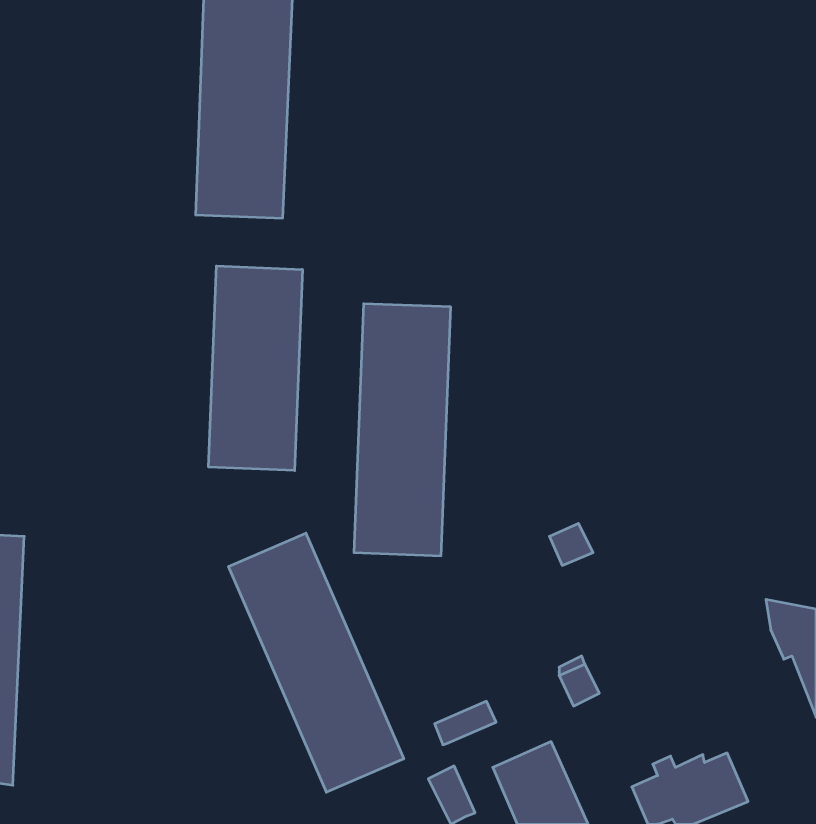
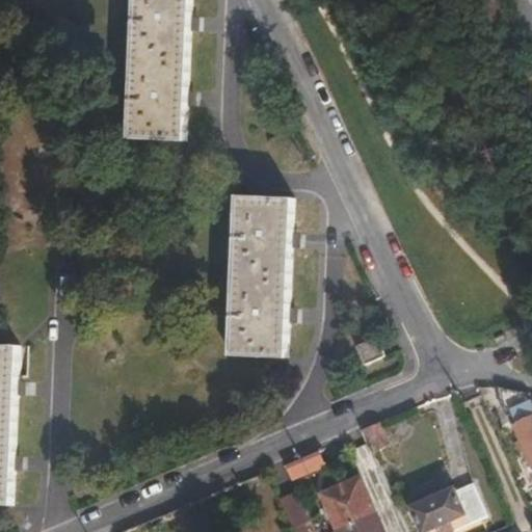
building: [209,266,302,471] -> none
building: [229,533,404,792] -> none

